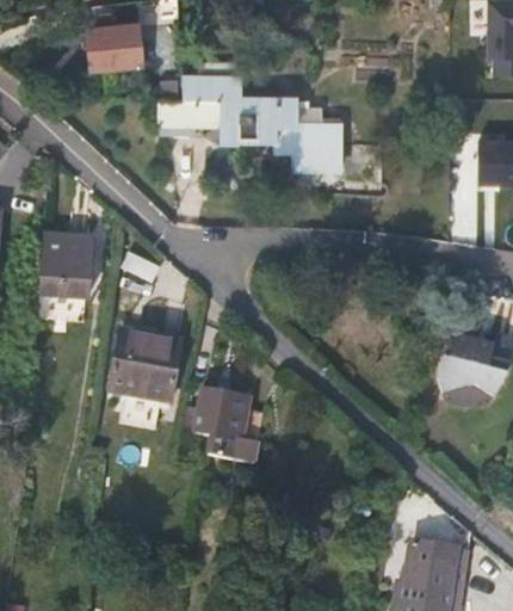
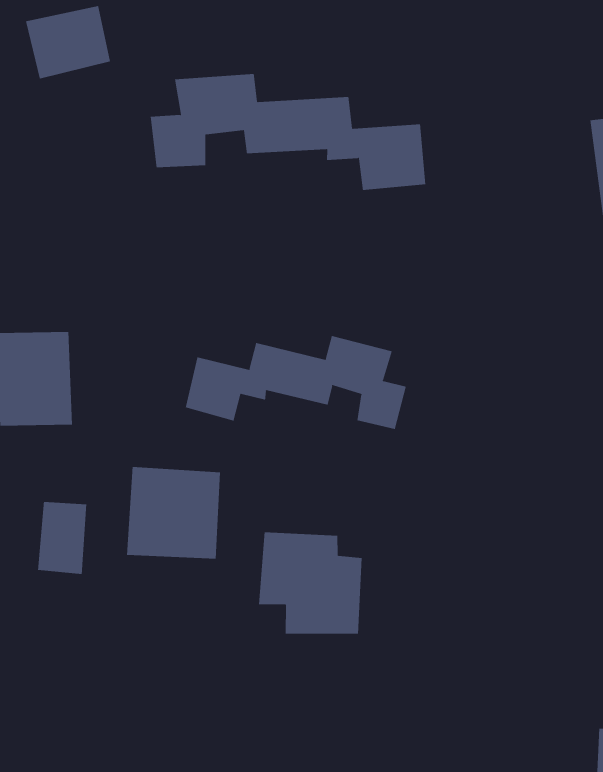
building: none -> [185,335,407,430]
building: none -> [37,501,87,575]

